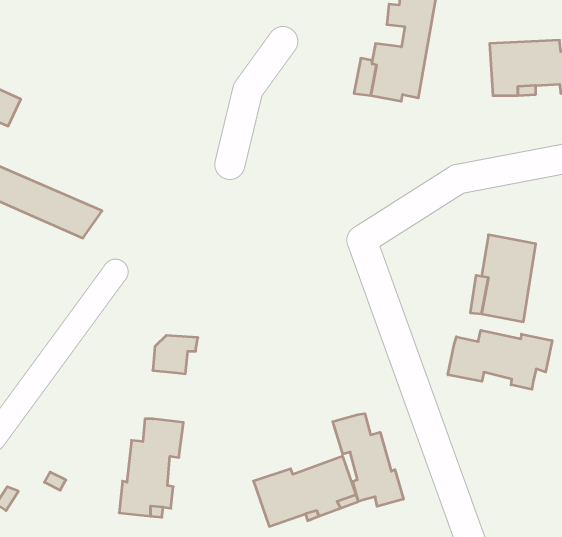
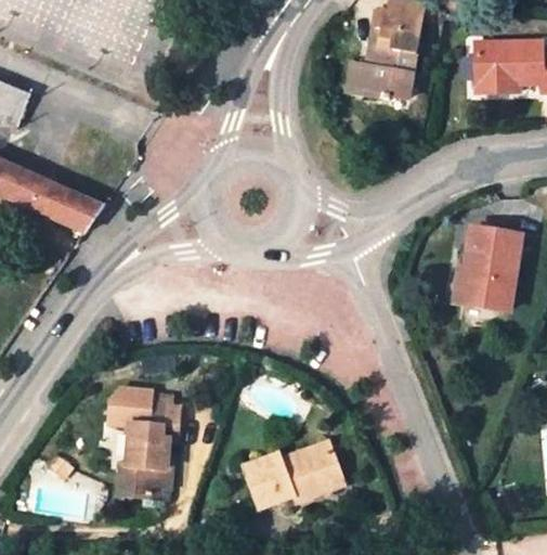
building: [448,330,552,389] -> none
building: [153,335,198,374] -> [109,388,153,425]
building: [333,414,403,506] -> none

